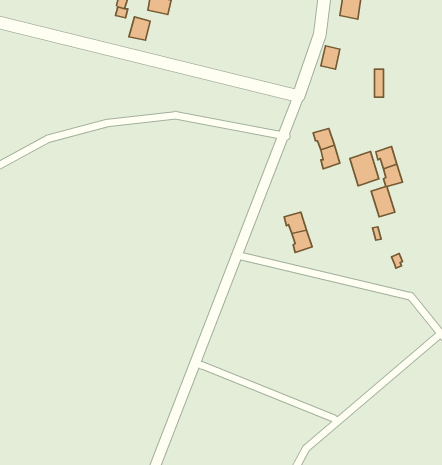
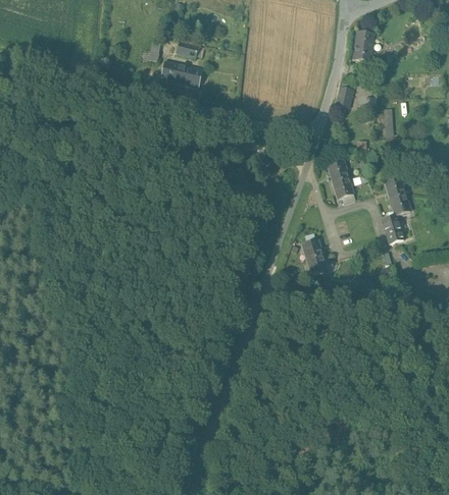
building: none -> [176,64,202,87]
building: [350,152,379,186] -> none

